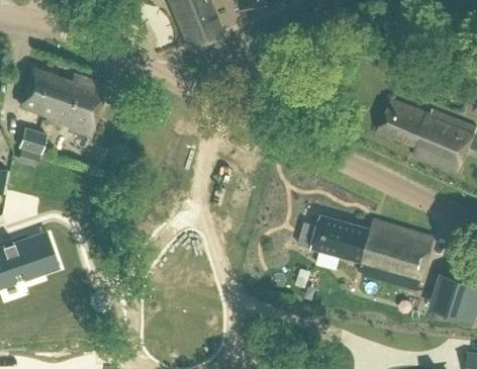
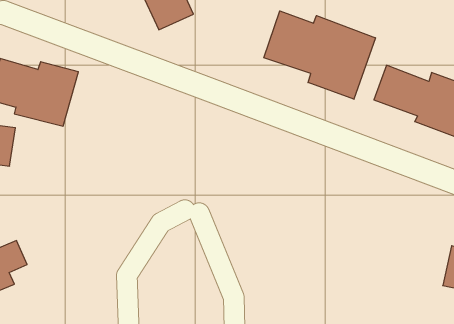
building: none -> [264,11,375,99]
building: [304,213,432,288] -> none

